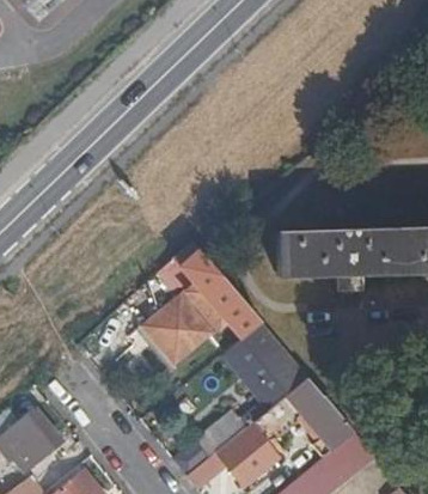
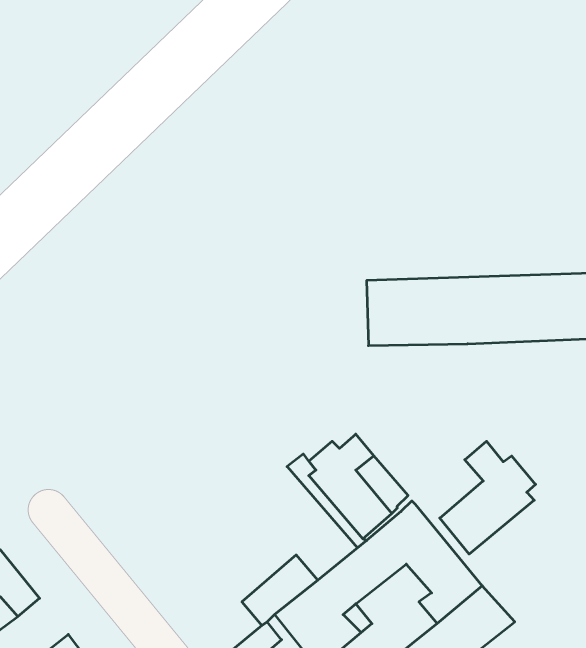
building: [175,240,262,340] -> none
building: [143,295,214,366] -> none
building: none -> [440,441,536,554]

